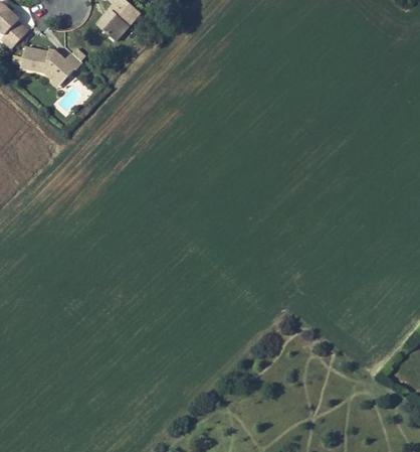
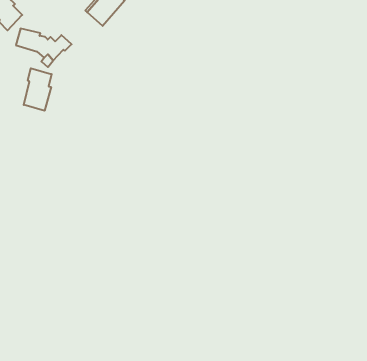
building: none -> [24,68,52,111]

